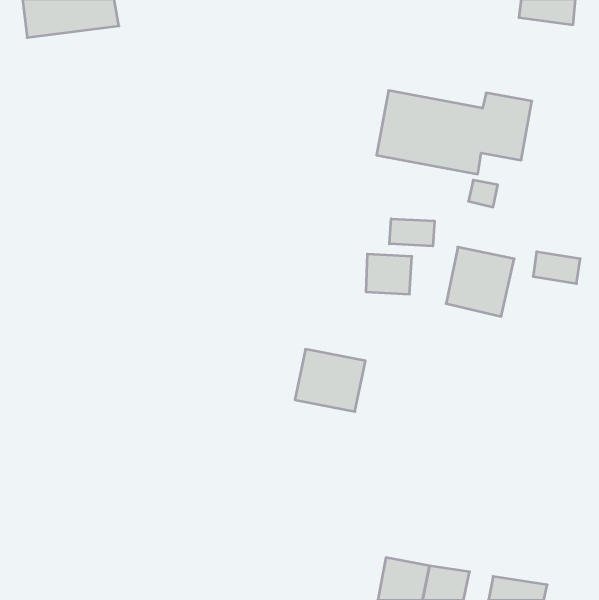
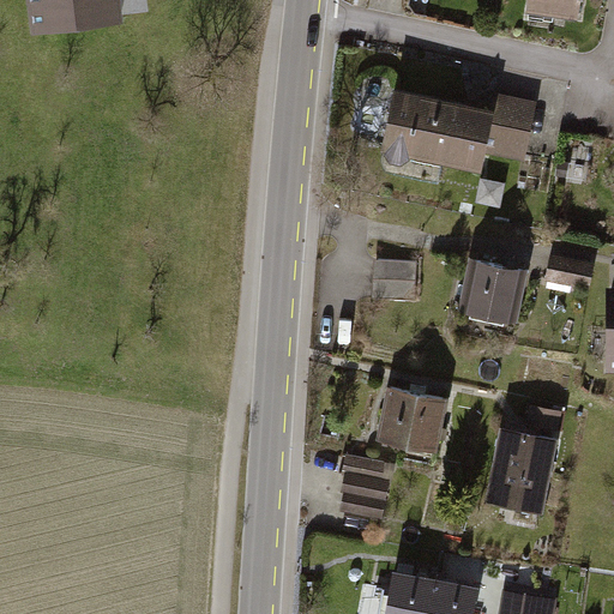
building: [389,219,434,246] -> none
building: [295,349,365,412] -> [374,386,446,450]
building: none -> [484,403,566,508]
building: none -> [344,475,389,517]

